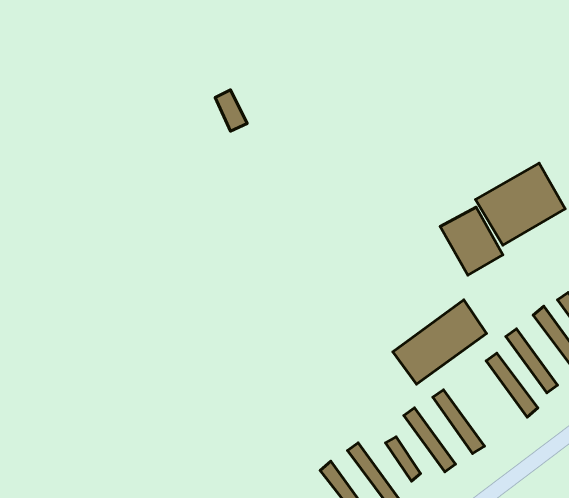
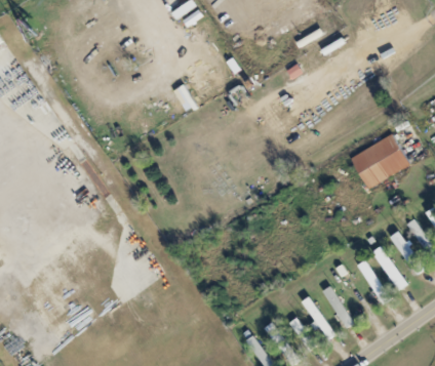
building: [440,207,503,275] -> none
building: [393,300,487,384] -> none

